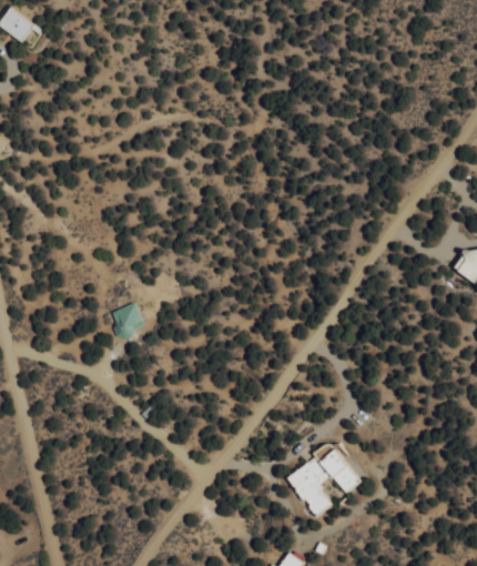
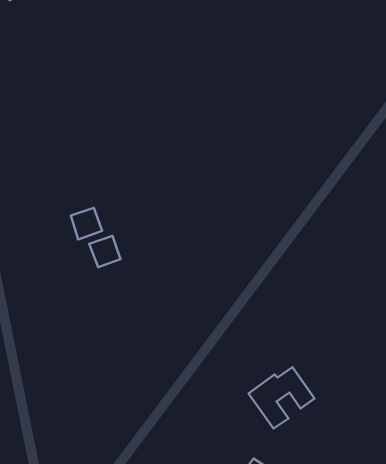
building: none -> [71,208,102,239]

